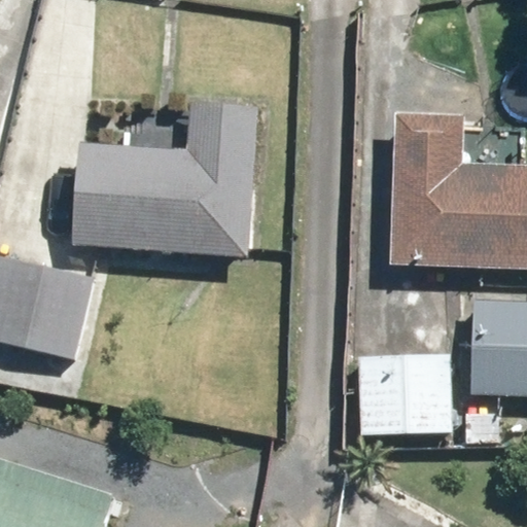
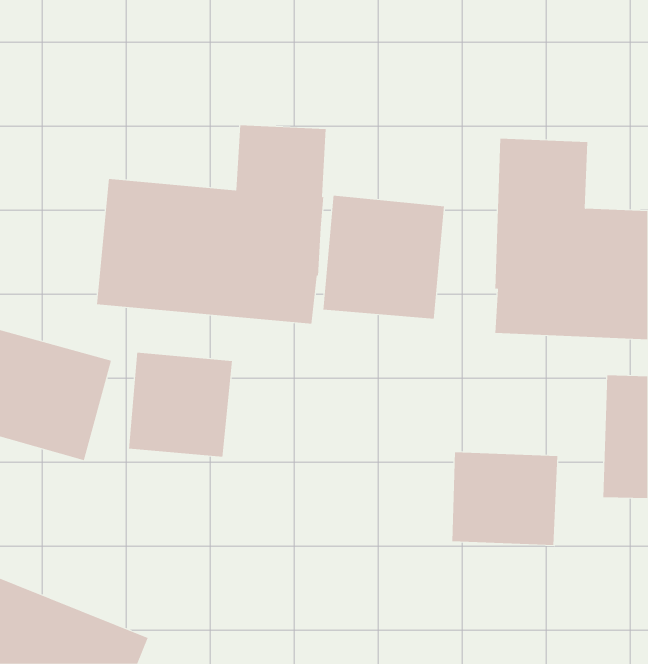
building: none -> [323,195,444,320]
building: none -> [129,352,232,458]

